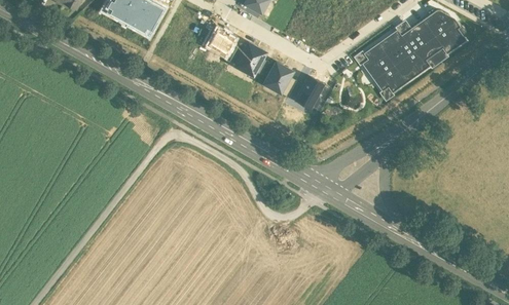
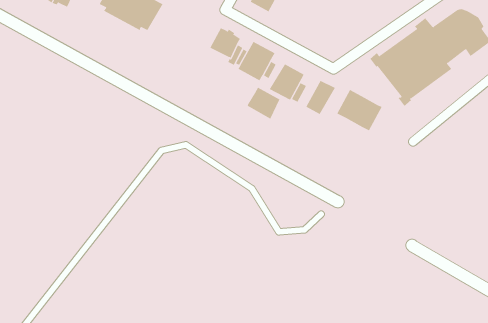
building: none -> [247,87,280,120]
building: none -> [336,89,383,131]

